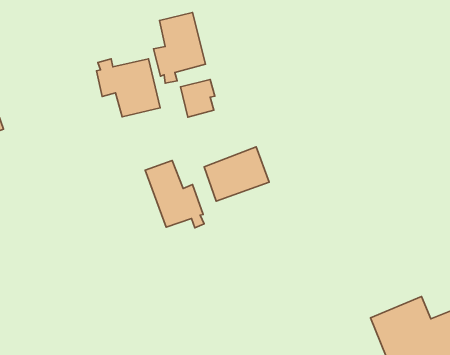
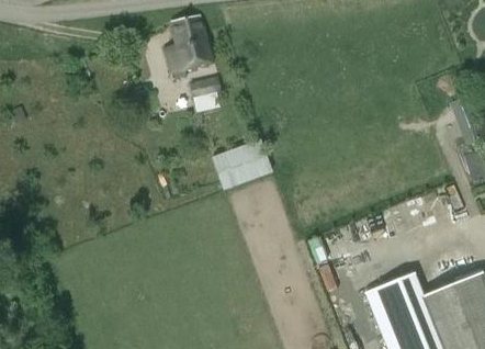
building: [96,59,160,117] -> none
building: [145,160,204,228] -> none

